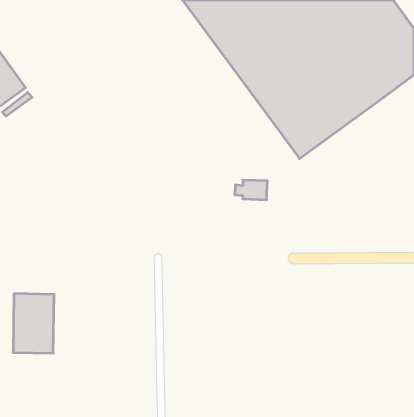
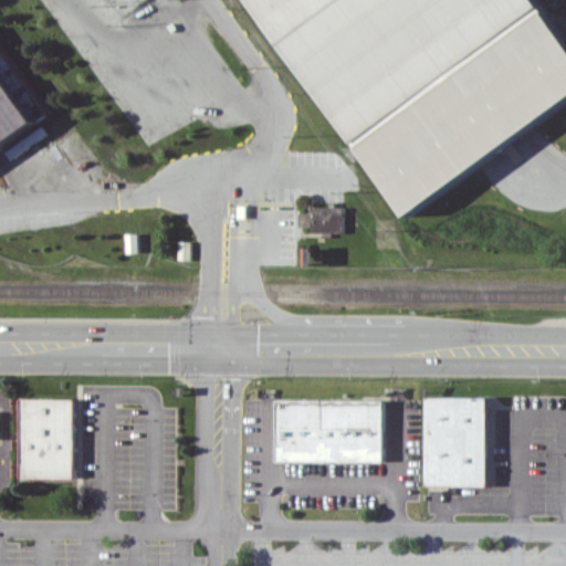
building: [235,180,267,200] -> [295,207,339,233]
building: none -> [422,397,486,486]
building: none -> [274,400,381,462]

